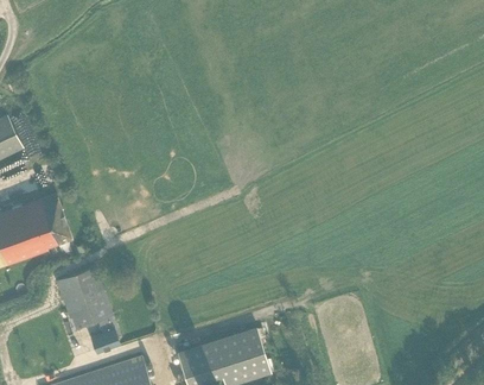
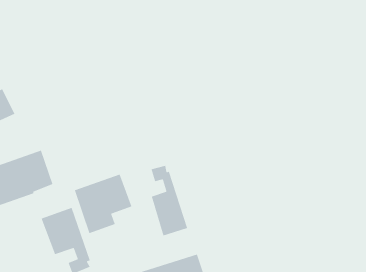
building: none -> [150,165,188,237]
building: none -> [74,173,132,234]

